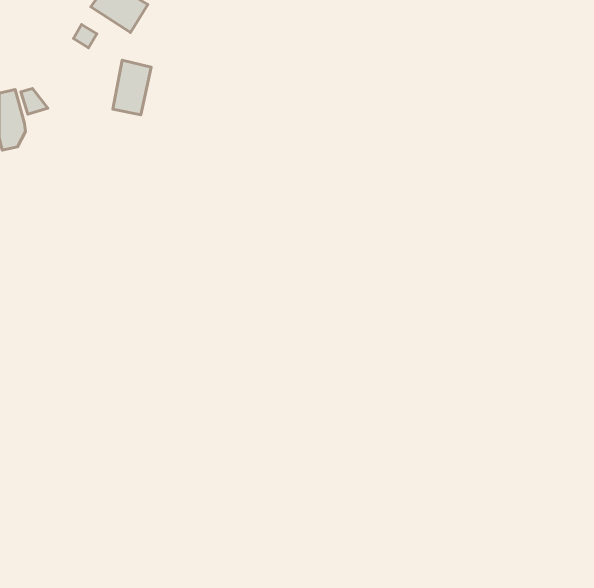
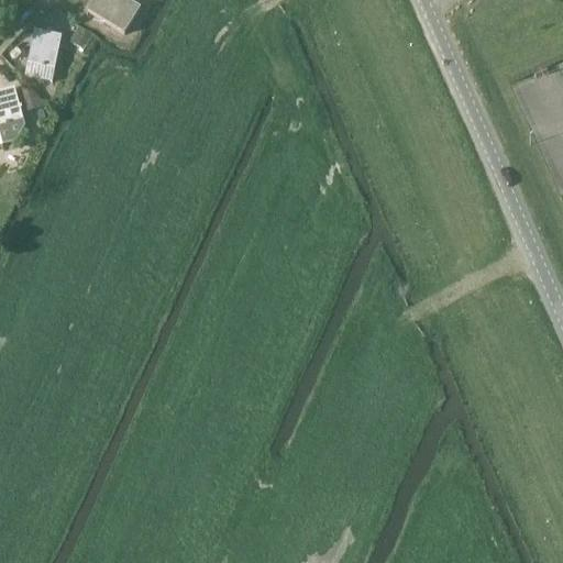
building: [113,60,151,115] -> [24,26,60,78]

